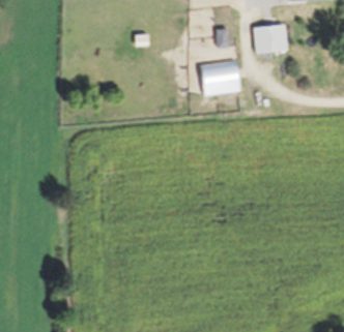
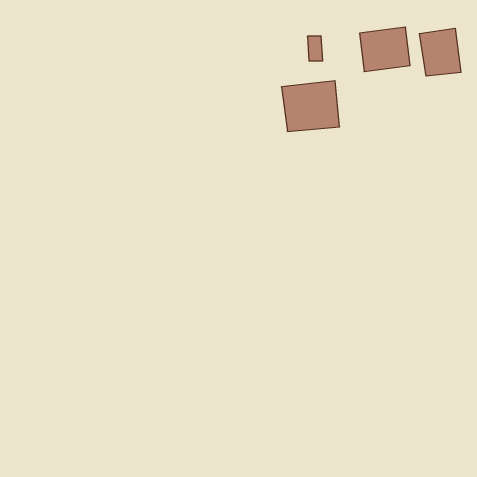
building: none -> [419,28,461,76]

